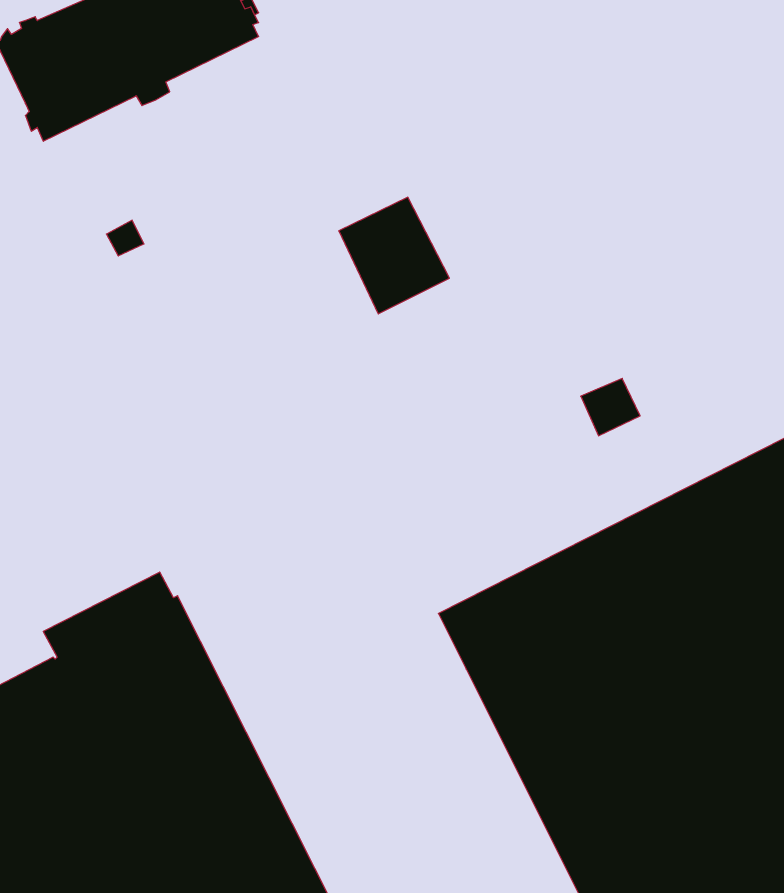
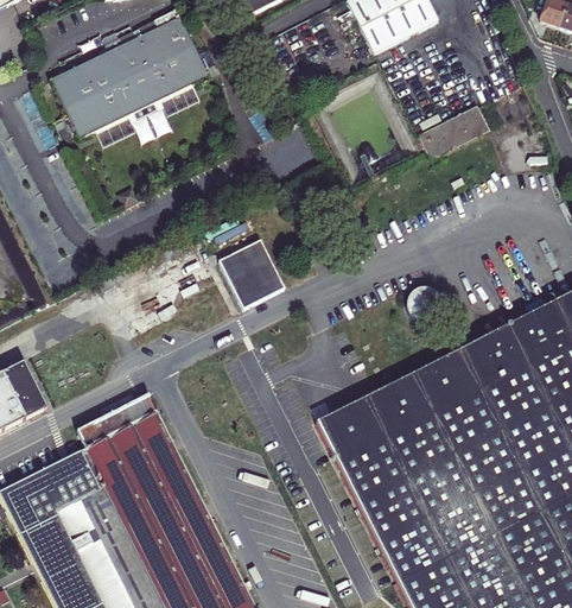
building: none -> [418,106,488,158]
building: [339,197,449,314] -> [218,239,285,309]

